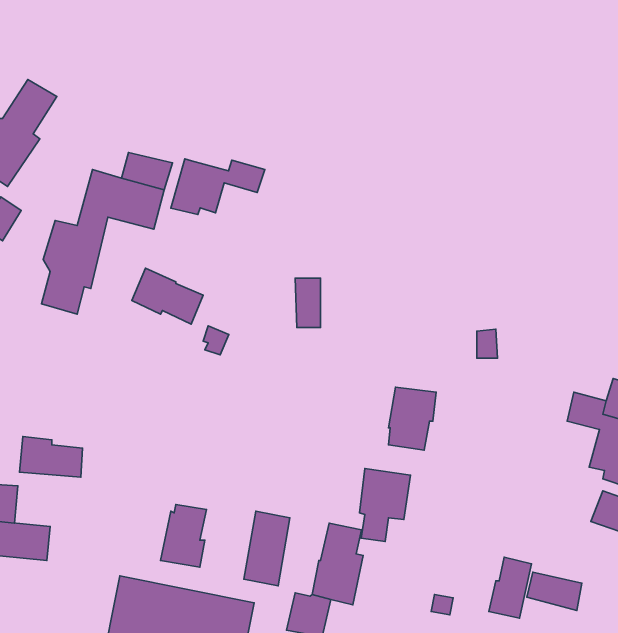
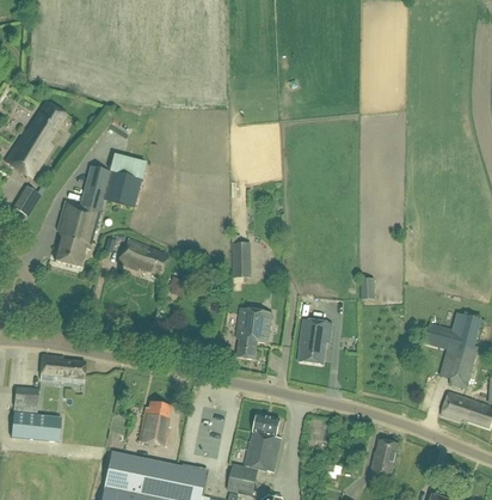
building: [171,159,265,214] -> none
building: [360,468,411,542] -> [236,306,272,358]
building: [527,572,582,610] -> none

